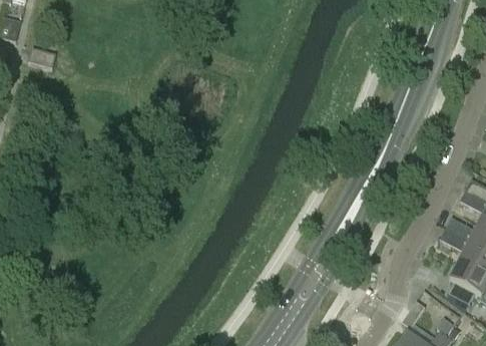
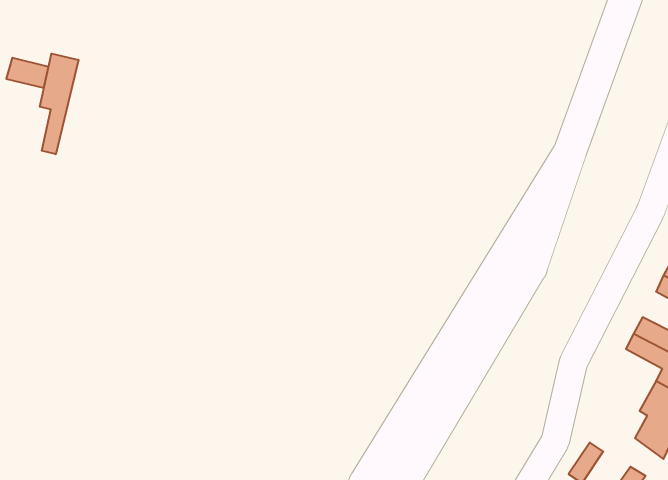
building: none -> [40,54,78,154]

